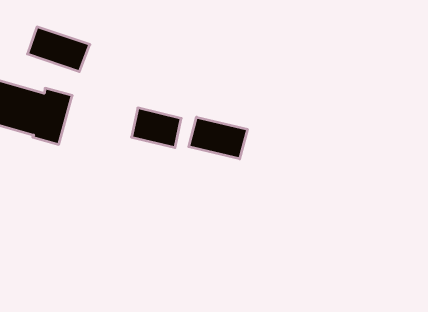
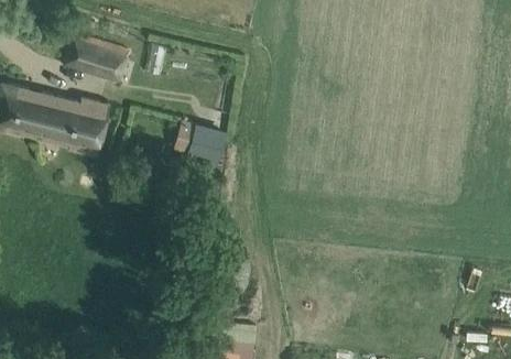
building: [189,117,247,159] -> none

